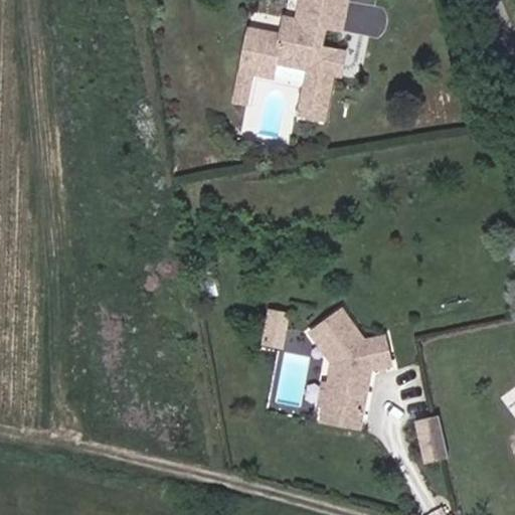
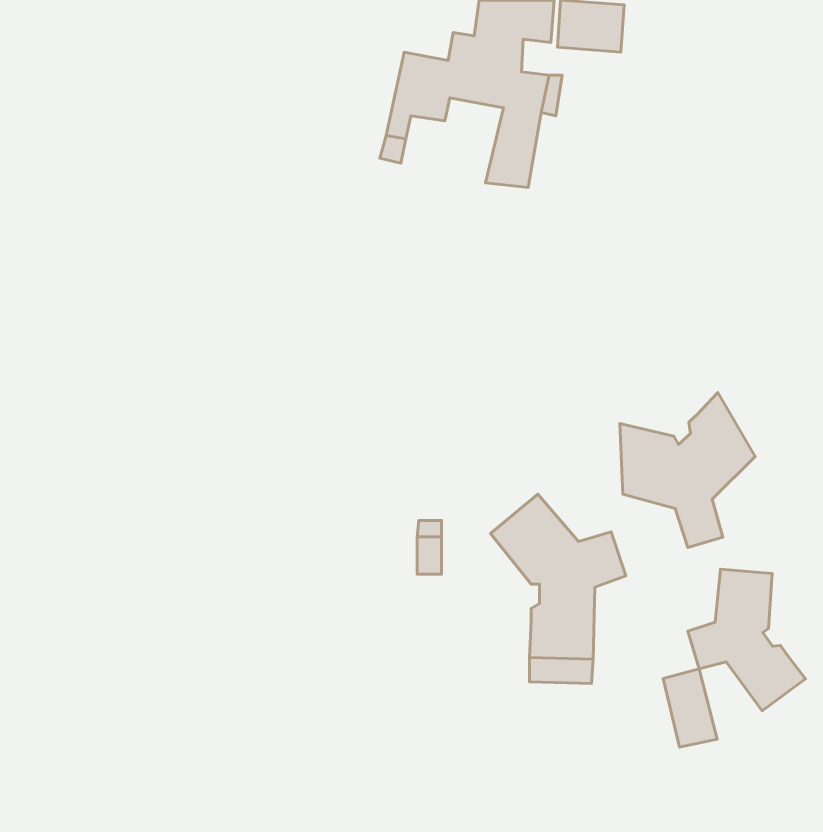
building: none -> [620,393,755,547]
building: none -> [688,569,805,711]

